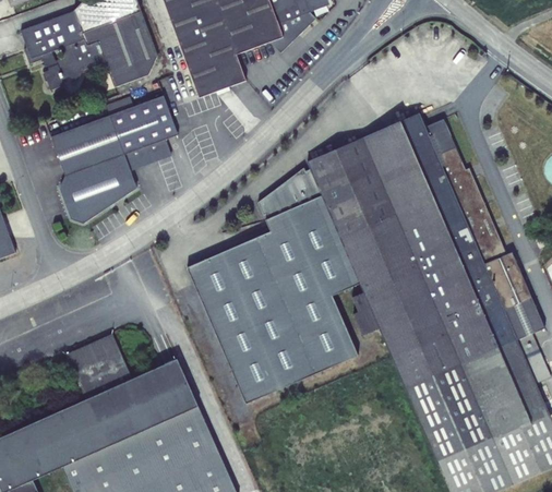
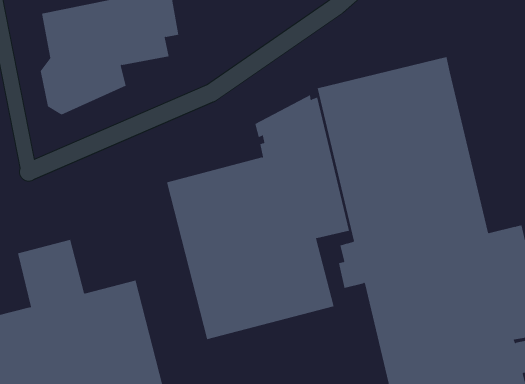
building: [424,118,506,263] -> none

